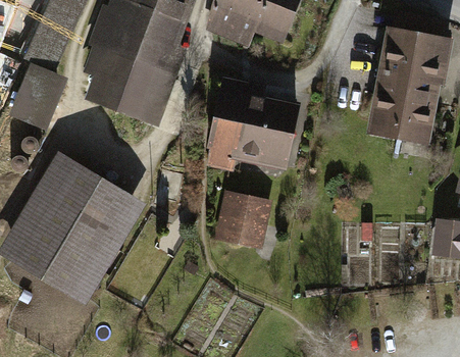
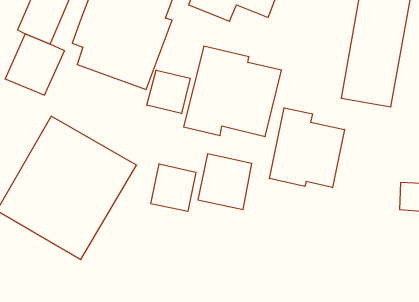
building: none -> [147,70,190,114]
building: none -> [269,108,345,188]
building: none -> [151,164,196,211]

